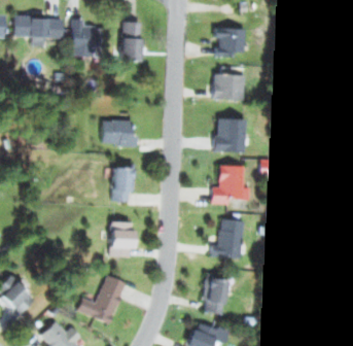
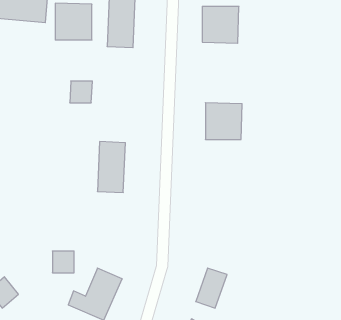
building: [210,63,245,98] -> none
building: [112,123,134,143] -> [70,81,92,103]
building: [219,170,254,205] -> none
building: [217,219,238,253] -> none
building: [113,231,134,251] -> [52,251,74,273]

